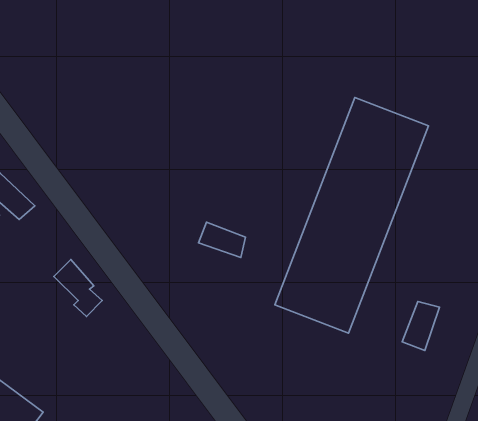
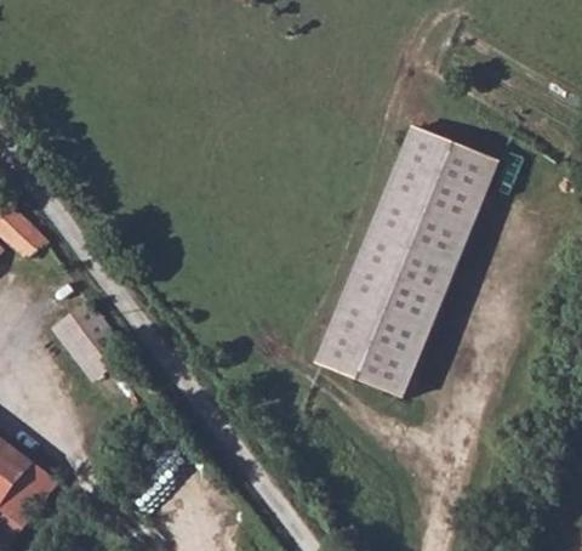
building: [199,222,246,257] -> none
building: [402,302,440,351] -> none

